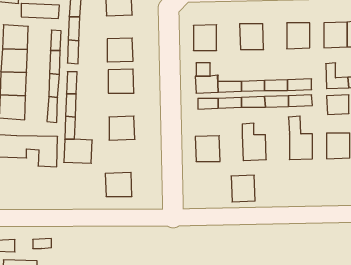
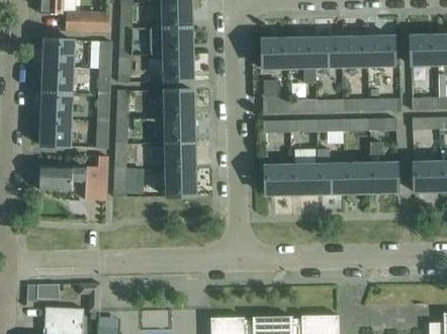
building: none -> [150,27,192,55]
building: none -> [341,36,368,67]
building: none -> [288,37,316,83]
building: none -> [165,116,194,144]
building: none -> [344,163,371,192]
building: [105,172,132,196] -> [166,169,196,196]
building: [231,175,255,202] -> [291,164,319,194]

